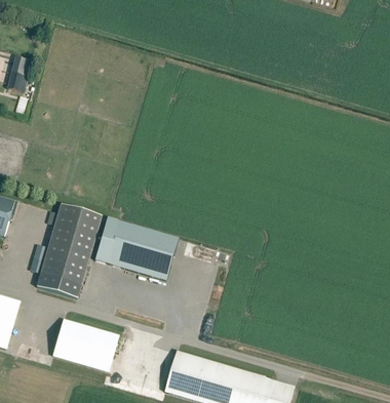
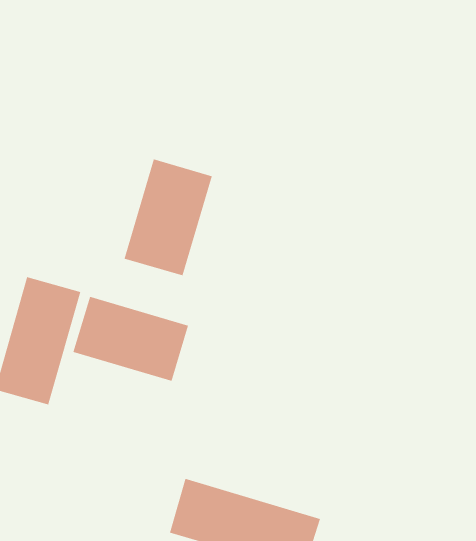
building: none -> [124,159,213,276]
building: [53,318,118,370] -> none

